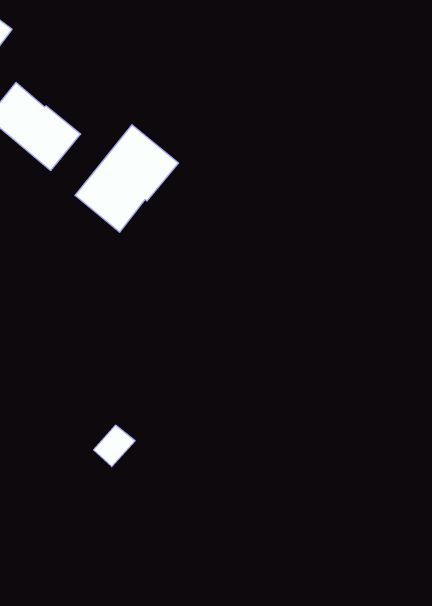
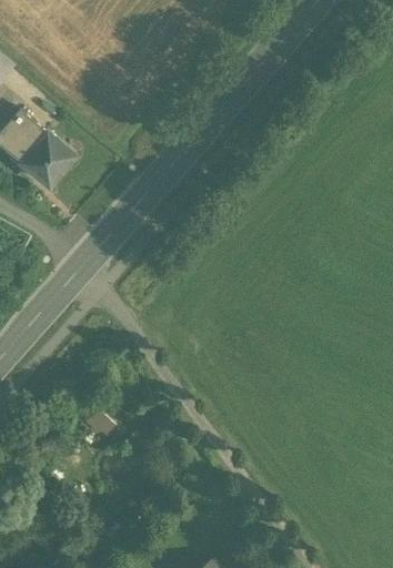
building: [75,125,178,232] -> none

